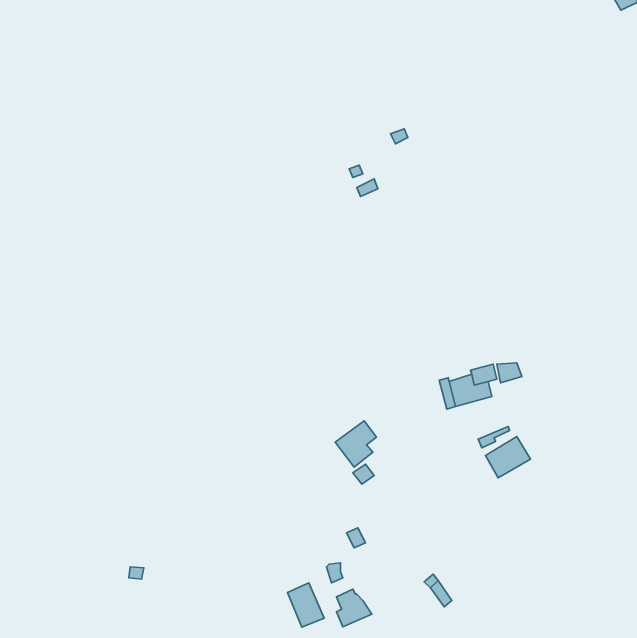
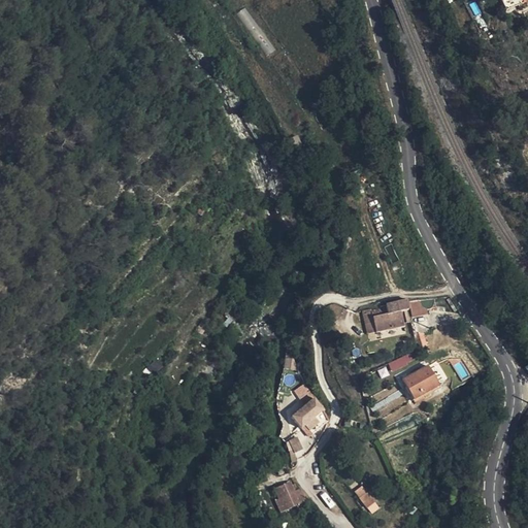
building: [335,421,377,467] -> [289,396,323,434]
building: [288,583,324,627] -> none

